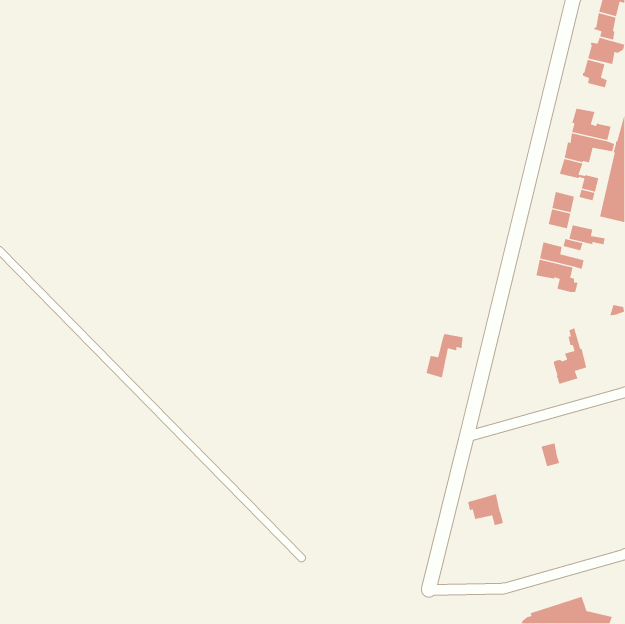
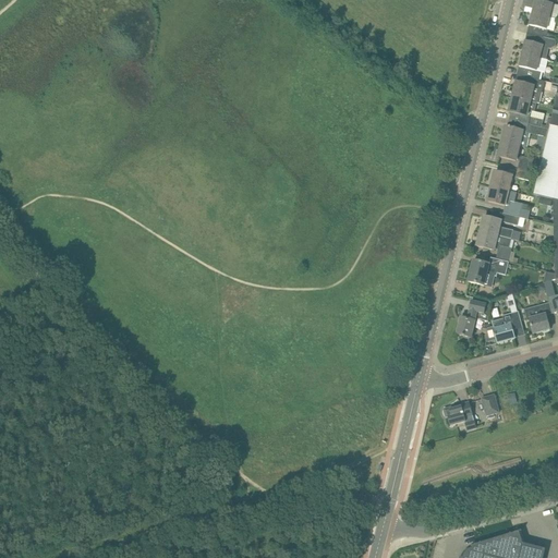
building: none -> [512,74,551,99]
building: none -> [468,257,508,284]
building: [425,333,463,379] -> [456,296,489,337]
building: none -> [523,301,551,332]
building: [467,493,504,526] -> [442,400,475,429]

